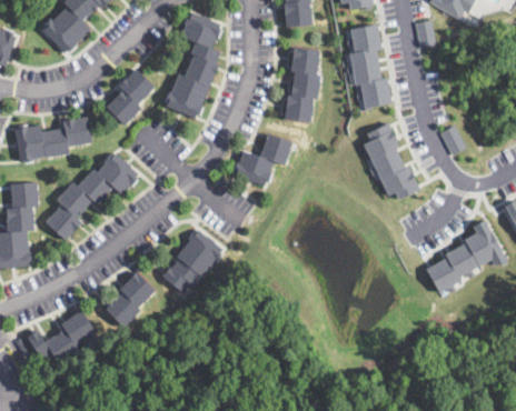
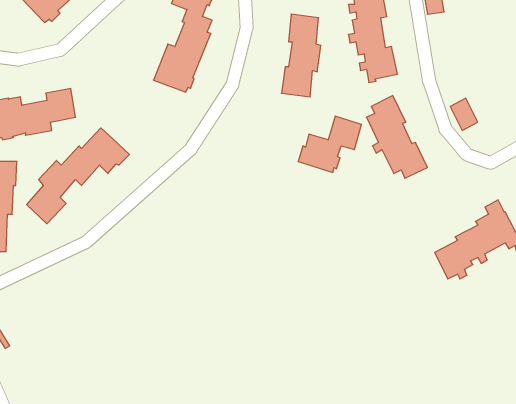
building: [107,68,156,126] -> none
building: [232,134,291,187] -> [298,116,362,172]
building: [162,229,224,294] -> none
building: [105,272,156,329] -> none
building: [27,310,97,365] -> none

